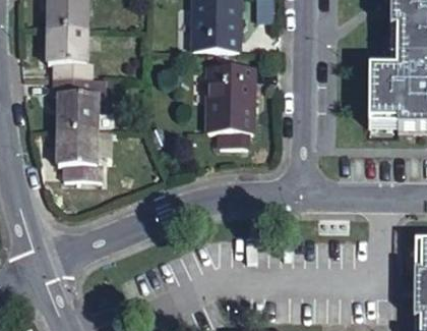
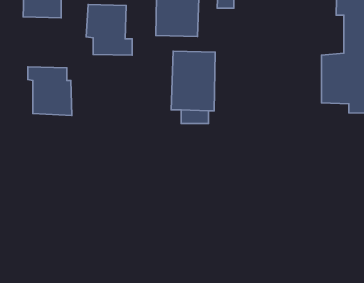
building: [50,27,98,80] -> [86,5,132,55]
building: [61,128,110,179] -> none

